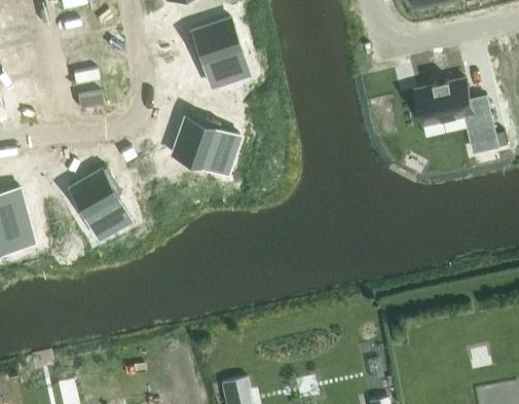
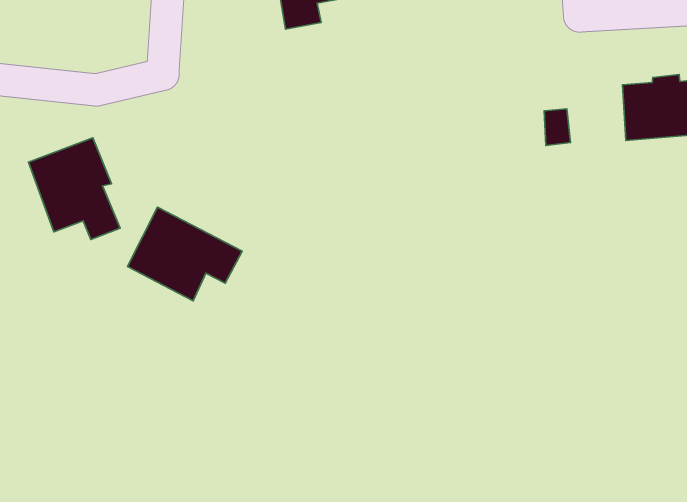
building: [172,119,238,172] -> [128,207,242,301]

